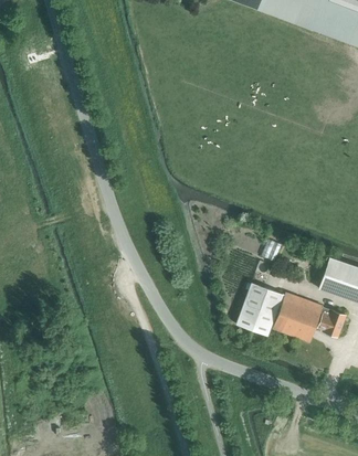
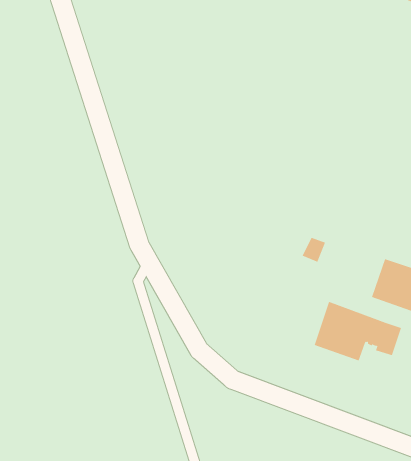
building: [234,282,282,335] -> none

